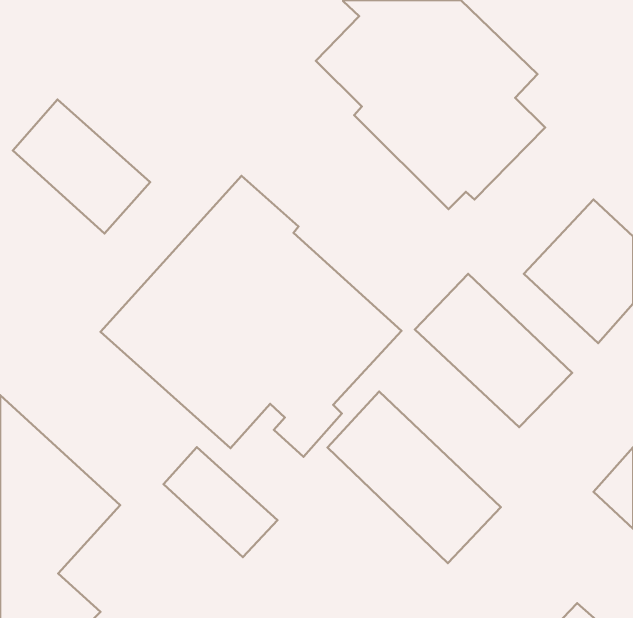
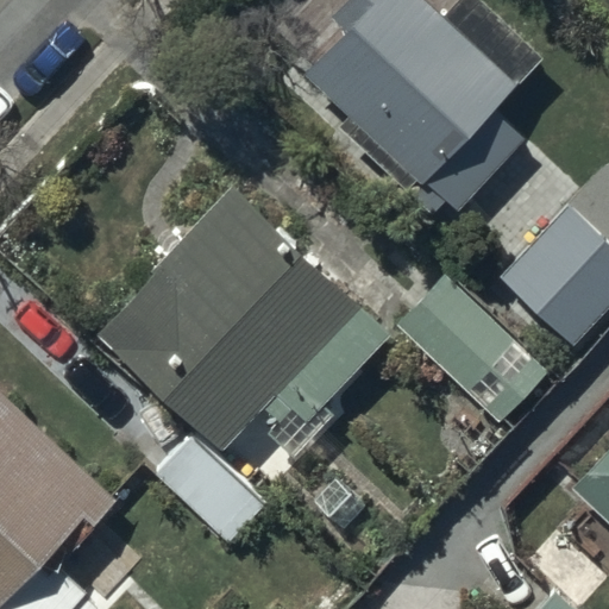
building: [13,99,150,233] -> none
building: [328,391,501,563] -> none

